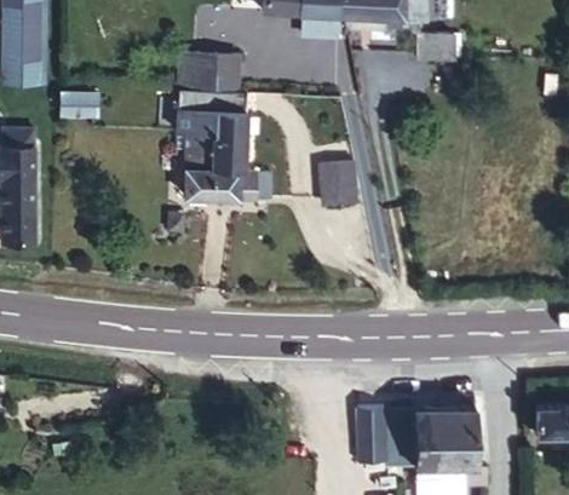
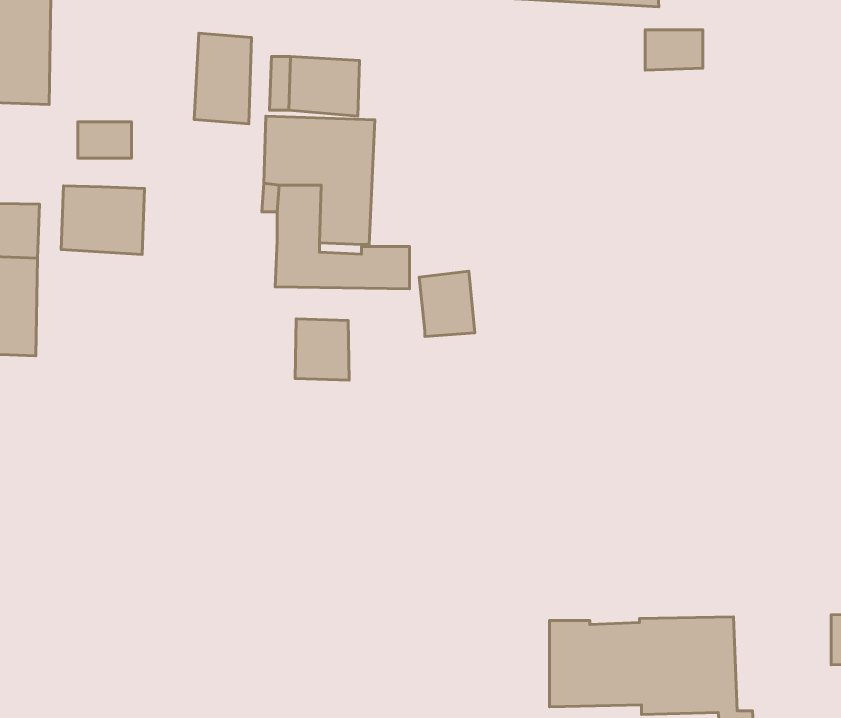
building: none -> [194,33,252,124]
building: none -> [61,186,145,255]
building: [321,163,356,205] -> [419,271,475,337]
building: none -> [295,319,349,380]

